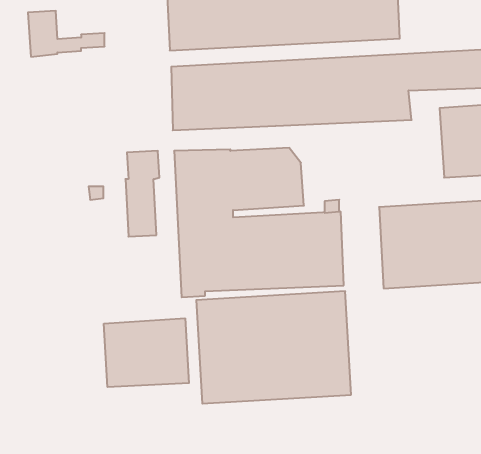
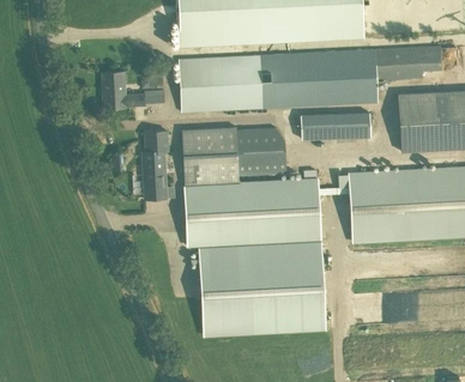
building: [28,11,105,57] -> [102,72,164,109]
building: none -> [301,113,372,139]
building: [104,318,189,387] -> none

